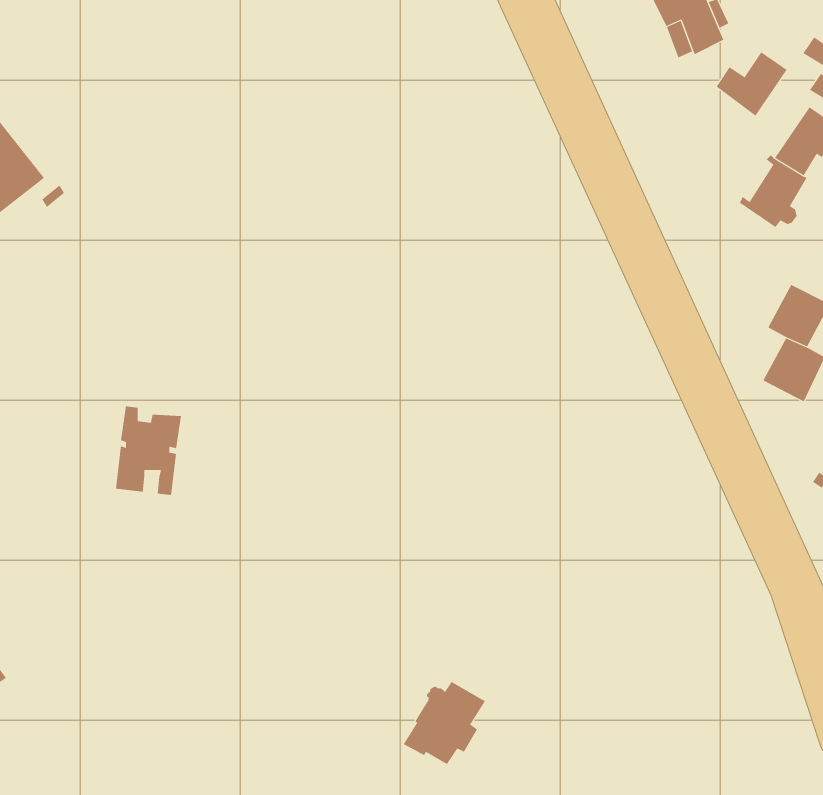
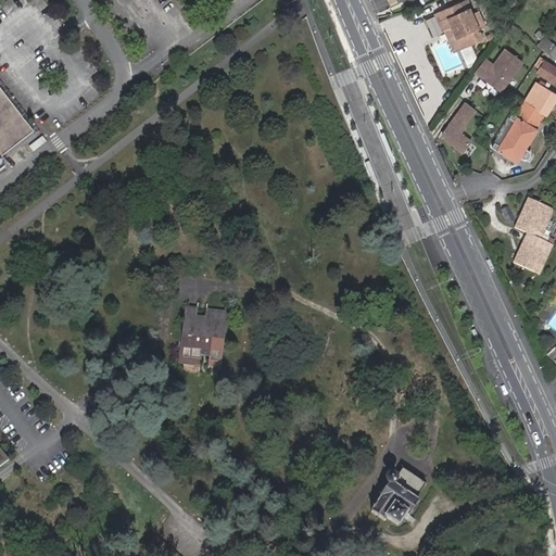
building: none -> [443,102,476,152]
building: [115,406,182,495] -> [181,308,225,367]
building: [403,681,486,764] -> [371,469,426,523]

